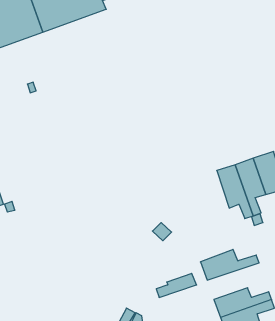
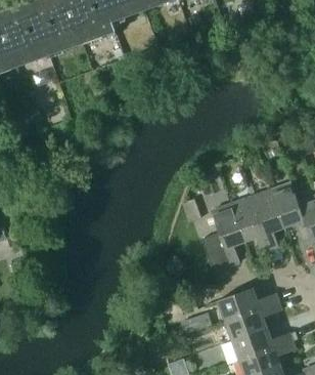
building: none -> [199,203,245,269]
building: none -> [222,301,280,340]

